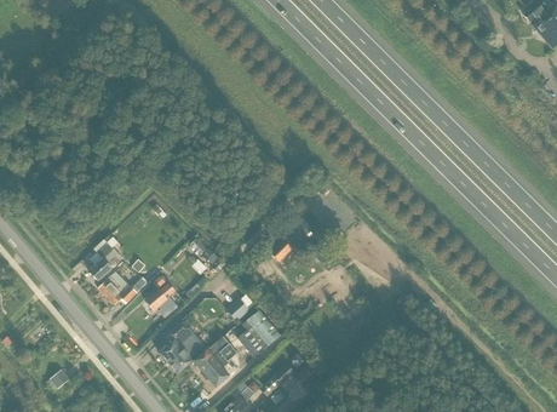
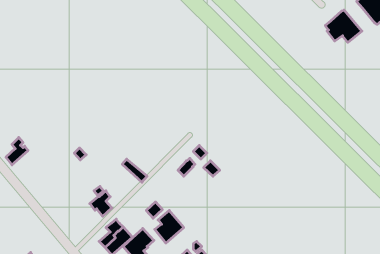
building: none -> [325,10,362,42]
building: [88,241,120,280] -> [6,137,28,165]
building: [98,274,145,303] -> none

